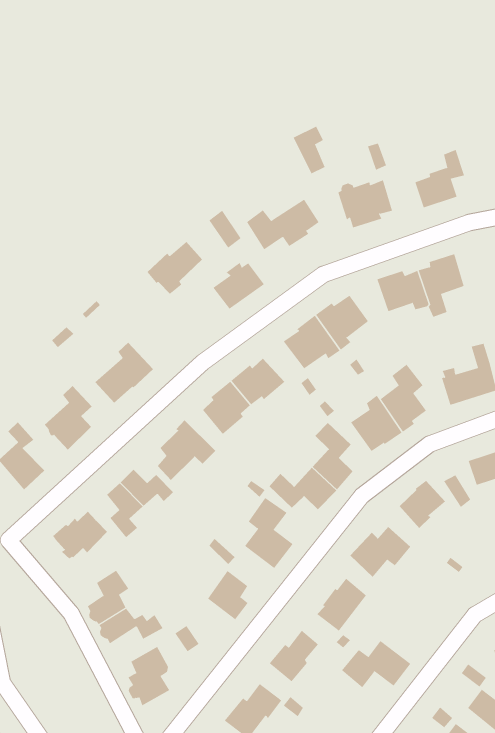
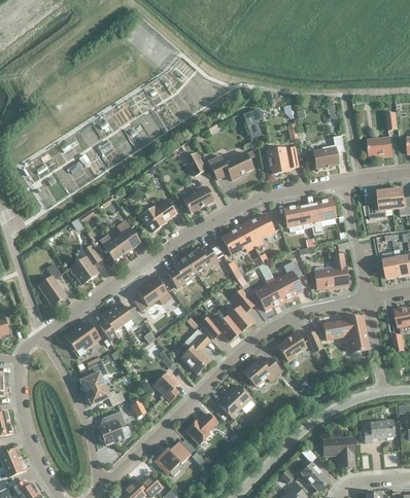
building: [147,241,203,295] -> [140,201,175,232]
building: [341,640,411,688] -> none

